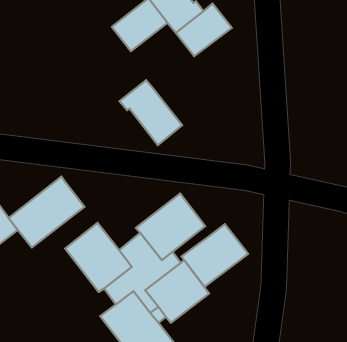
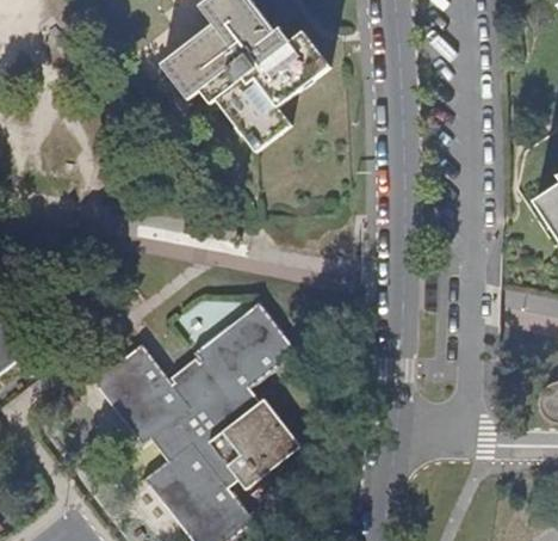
building: [120,80,182,145] -> [203,56,292,149]
building: [9,176,84,247] -> none
building: [182,224,248,287] -> none

